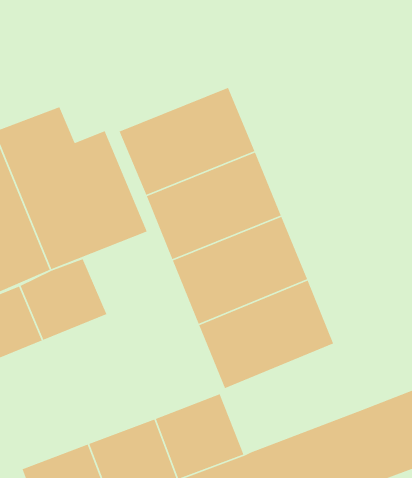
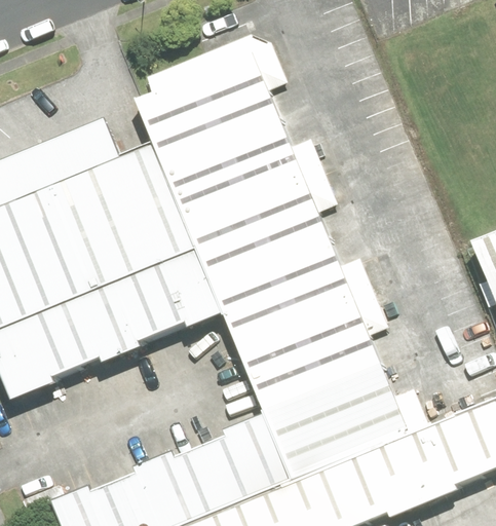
building: none -> [137,38,275,149]
building: none -> [127,252,217,336]
building: none -> [271,366,411,476]

